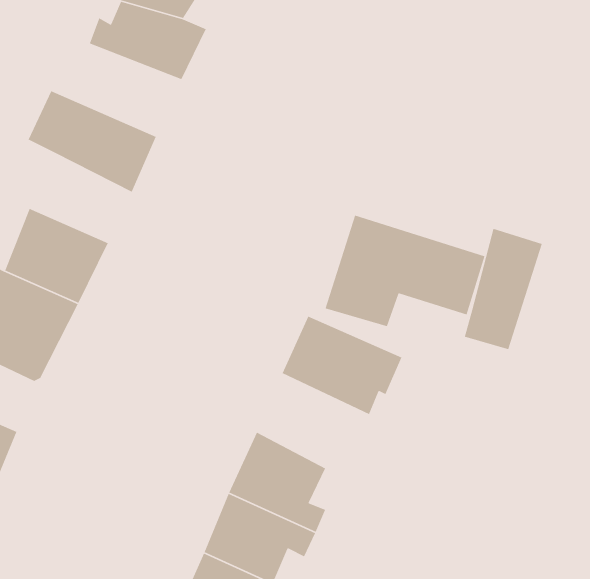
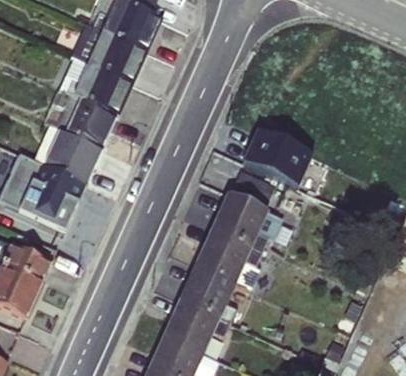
building: none -> [69,24,148,84]
building: none -> [56,94,118,148]
building: [464,228,543,350] -> none
building: none -> [193,227,261,291]

